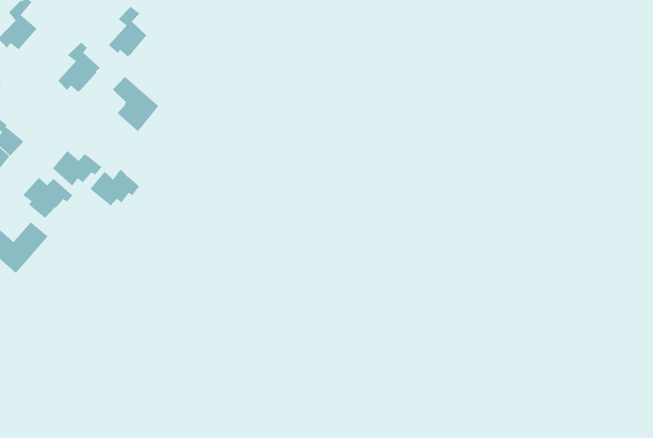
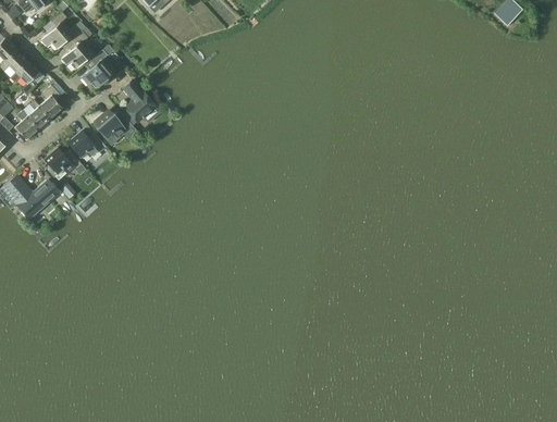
building: [108,6,147,57] -> [61,30,91,69]
building: none -> [38,85,62,119]
building: [90,169,140,206] -> [95,110,133,137]

